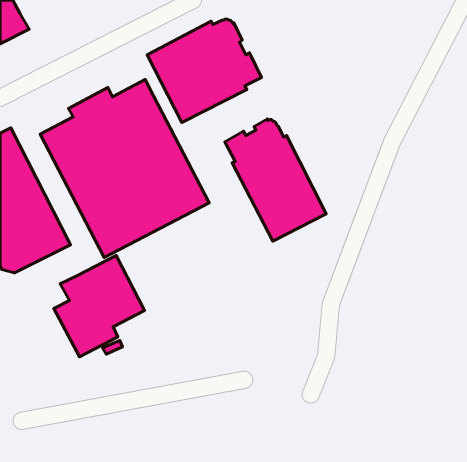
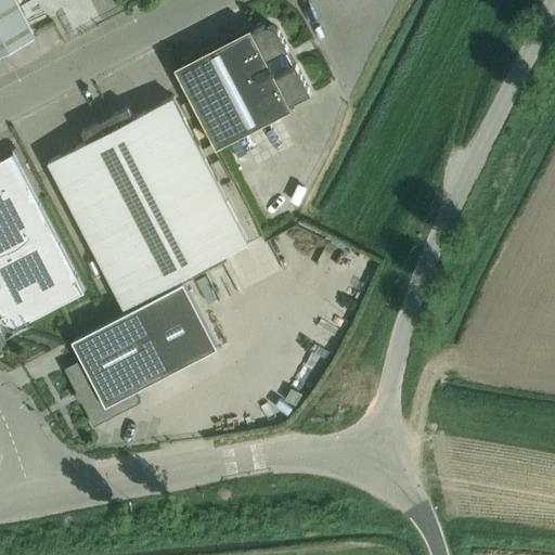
building: [225,119,326,241] -> none
building: none -> [138,285,218,374]

